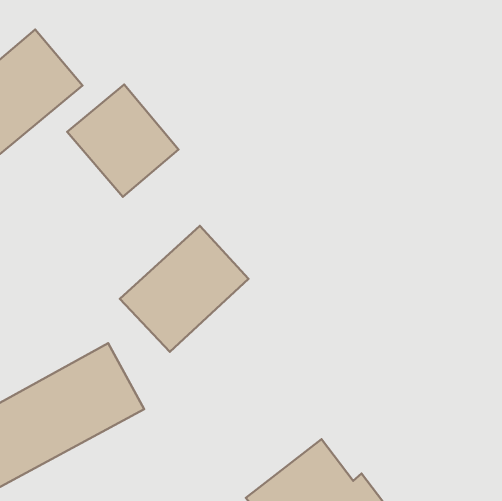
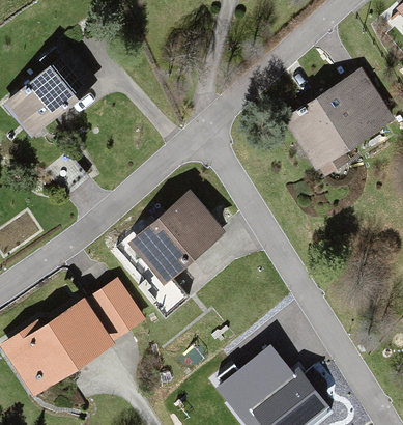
building: none -> [284,74,396,165]
building: [67,85,178,197] -> none

